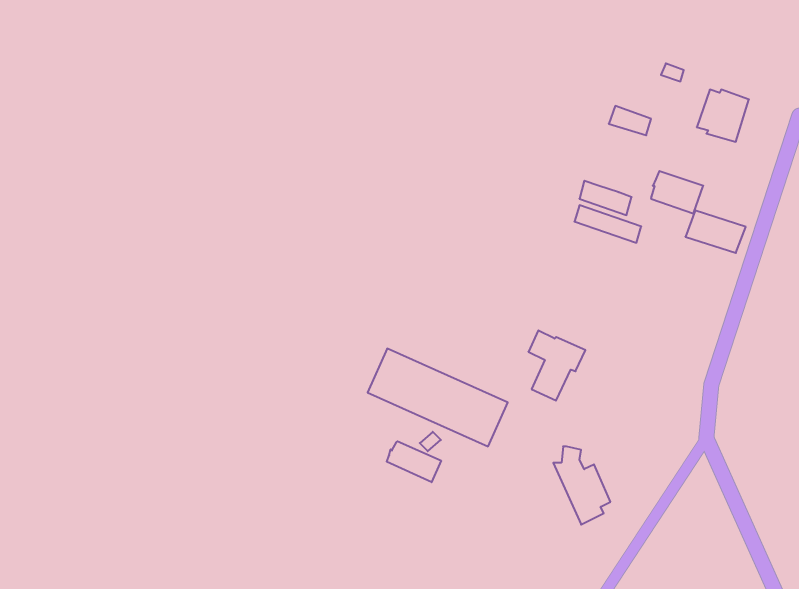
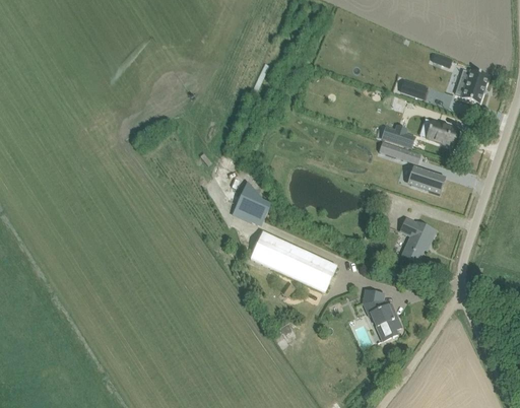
building: [685,211,746,253] -> [406,165,444,192]
building: none -> [232,181,268,225]
building: [528,330,585,401] -> [399,217,435,261]
building: [387,441,441,482] -> none

